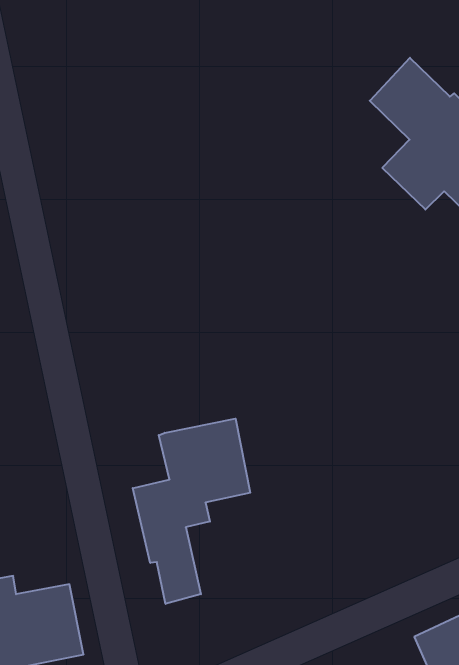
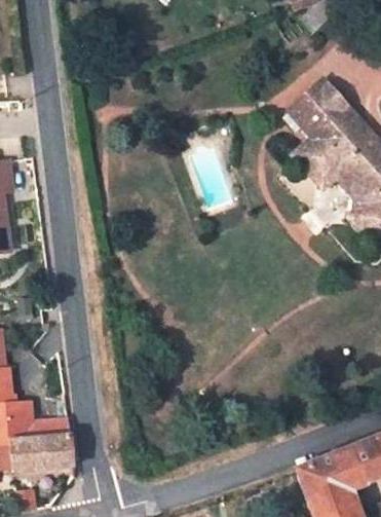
building: [133,419,250,604] -> none

